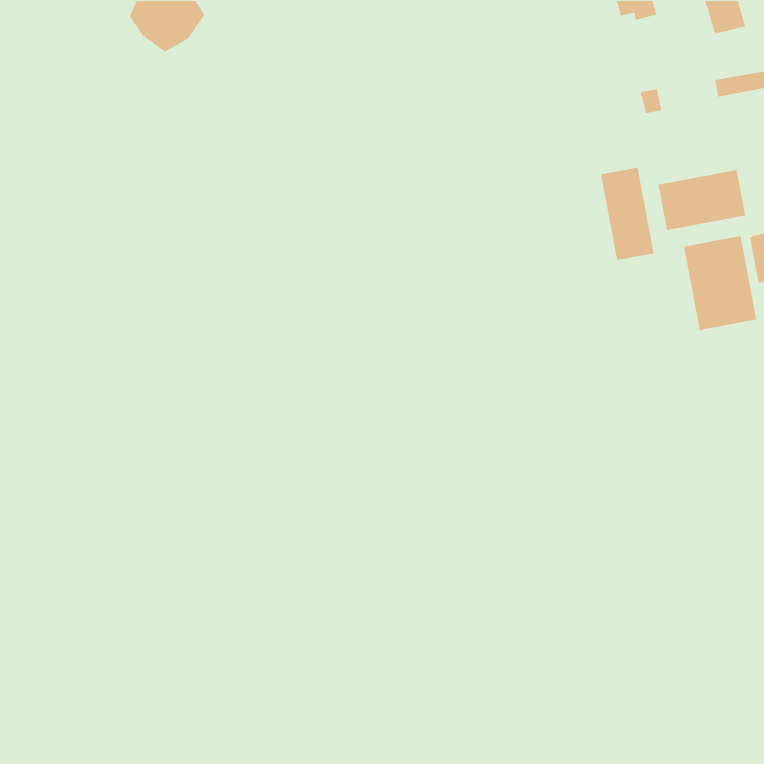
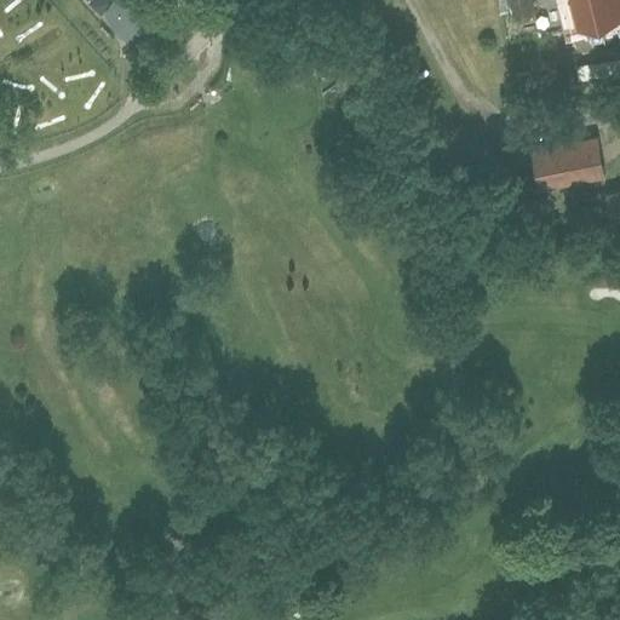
building: [600,167,655,261] -> none
building: [683,235,757,331] -> none

